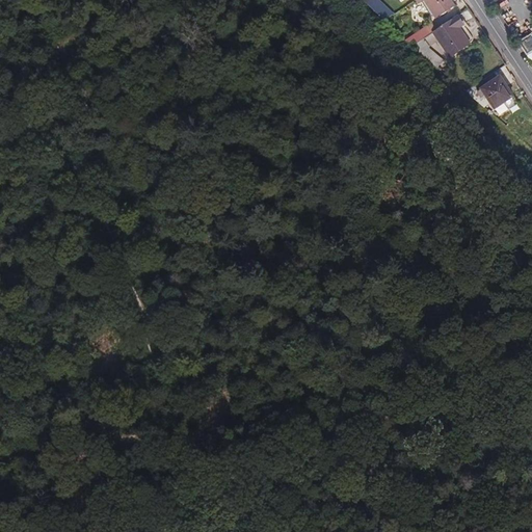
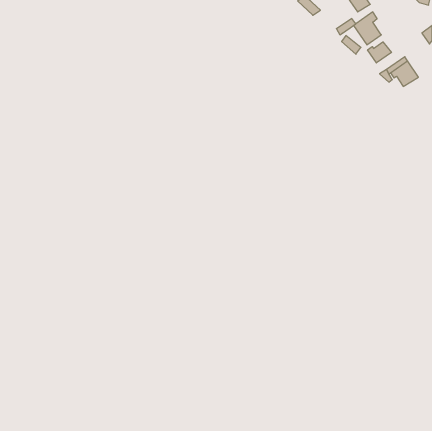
building: none -> [368,42,391,63]

